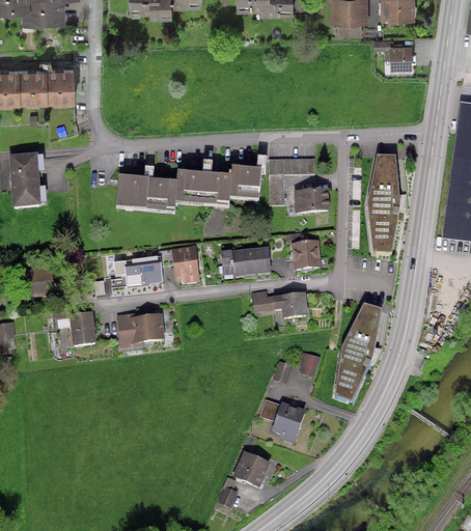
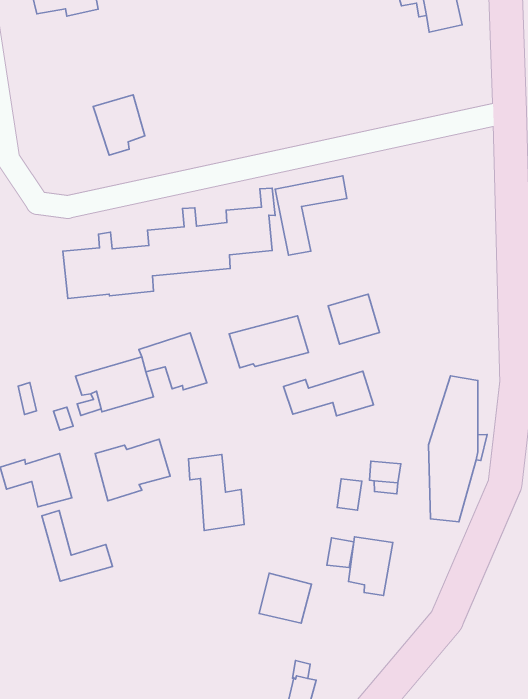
building: none -> [93,95,145,155]
building: [367,157,399,255] -> none
building: [293,188,329,213] -> none
building: none -> [188,455,244,531]
building: none -> [42,511,112,581]
building: [231,449,270,486] -> [259,573,311,623]

